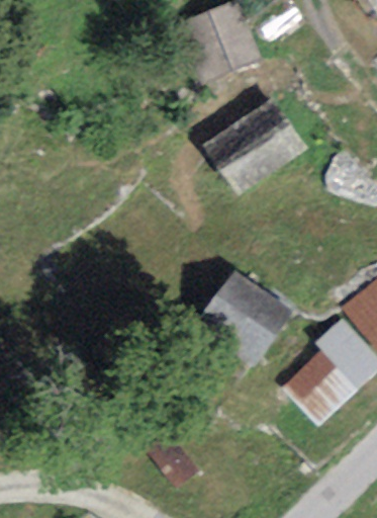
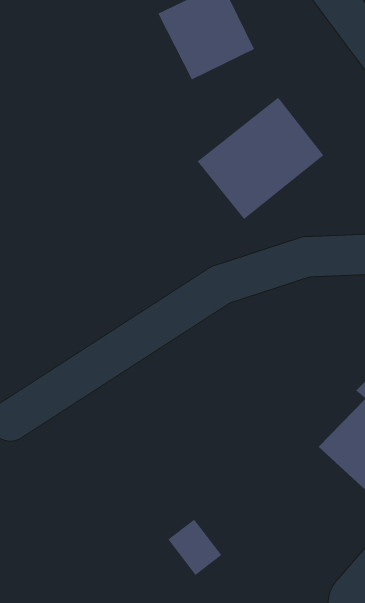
building: [195,271,288,363] -> none

